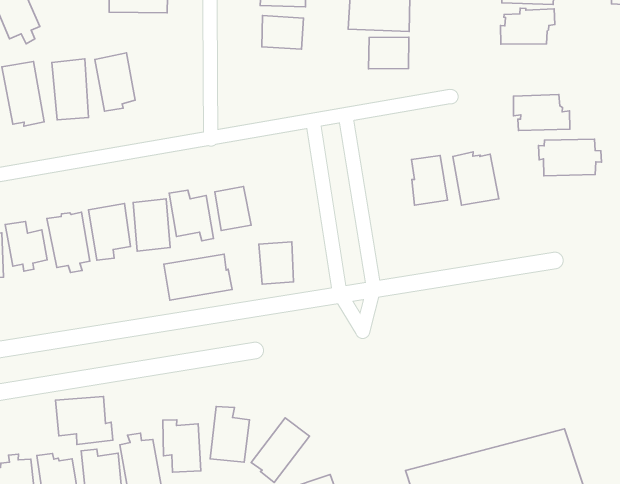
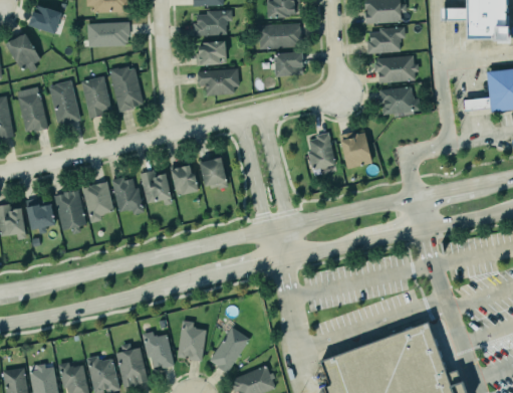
building: none -> [109,66,143,112]
building: none -> [197,67,238,95]
building: [539,139,602,176] -> [372,55,418,83]
building: [259,242,294,284] -> [200,159,226,190]
building: [164,254,232,300] -> none
building: [55,397,113,445] -> none

